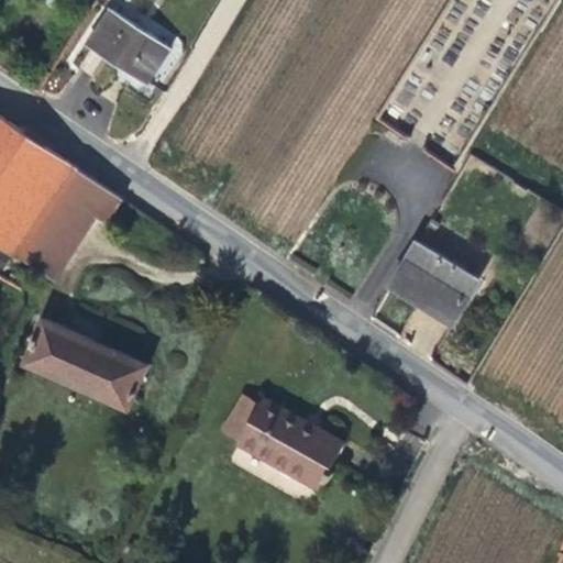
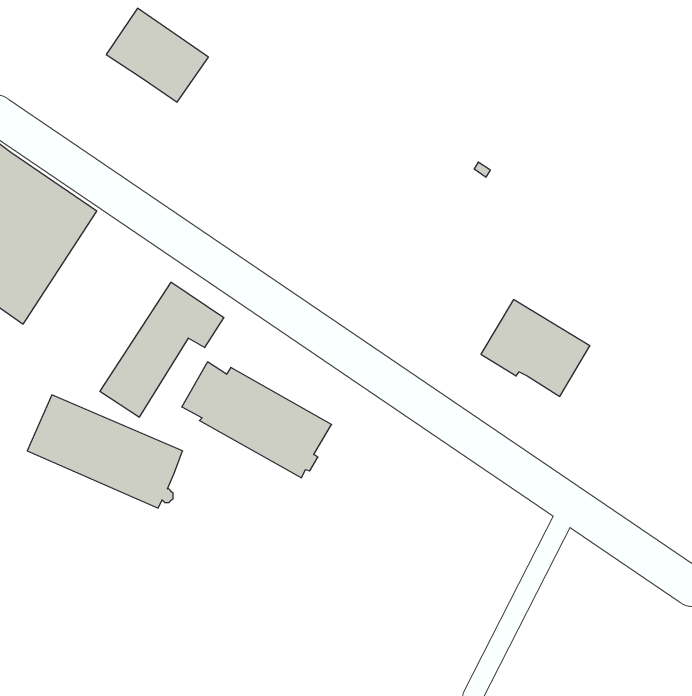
building: [21,170,121,279] -> [100,282,224,417]
building: [222,395,343,488] -> [182,362,332,478]

